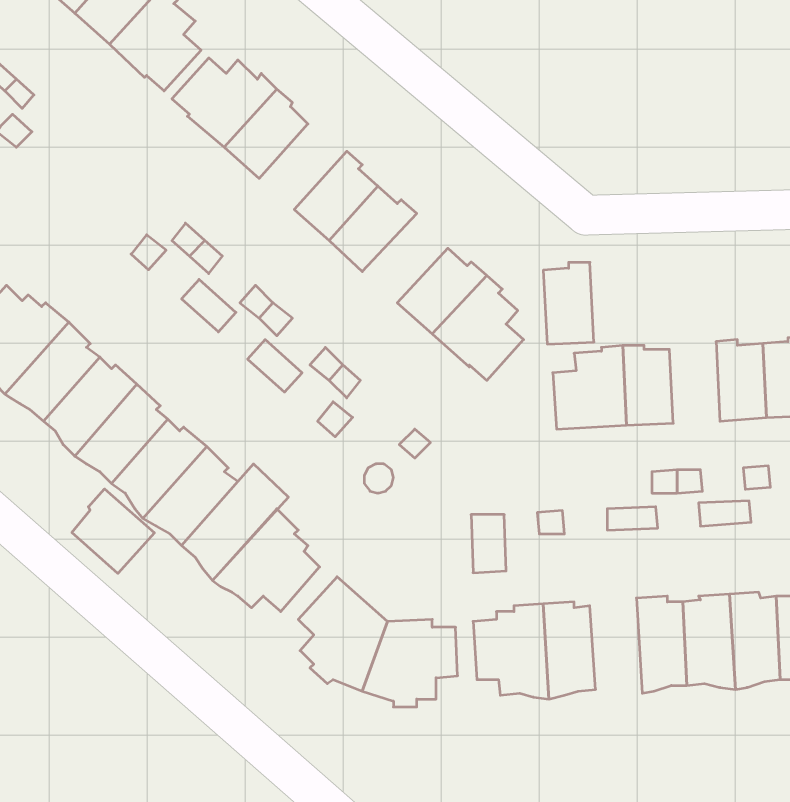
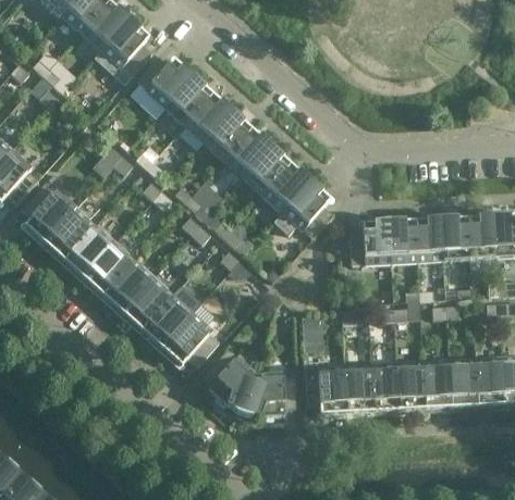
building: none -> [184,95,233,142]
building: none -> [242,145,290,195]
building: [543,262,594,344] -> [414,216,442,262]
building: [72,489,154,573] -> none
building: none -> [369,360,398,413]

